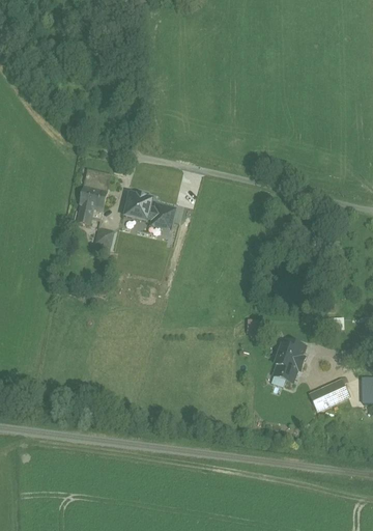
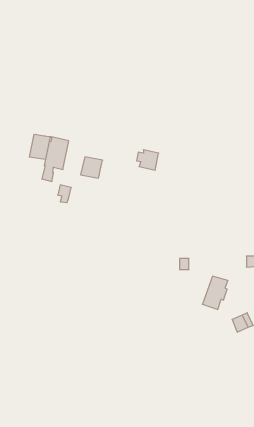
building: none -> [29,134,50,159]
building: [147,204,174,229] -> [137,150,159,170]

